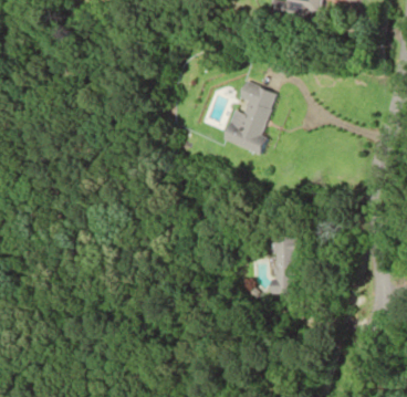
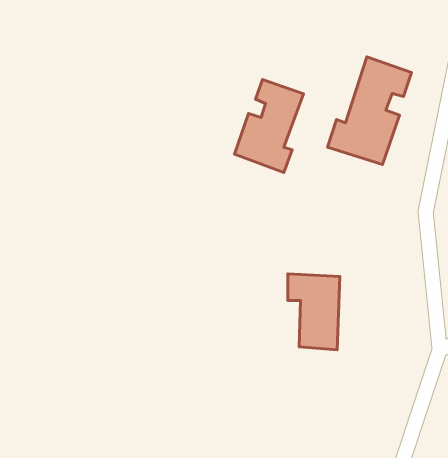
building: none -> [328,57,412,165]

